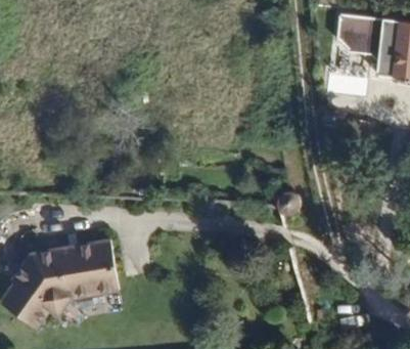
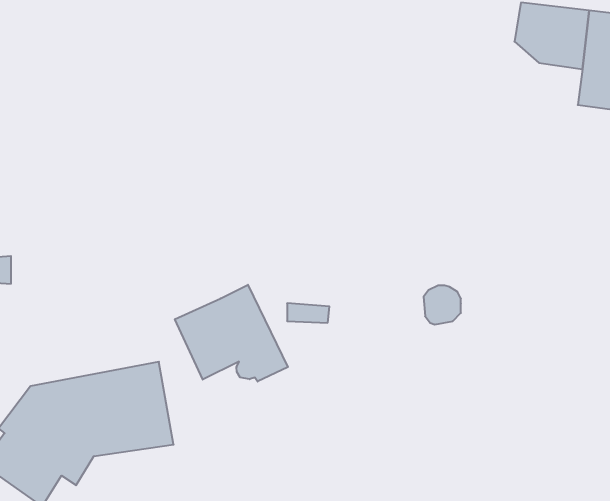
building: none -> [175,285,288,382]

